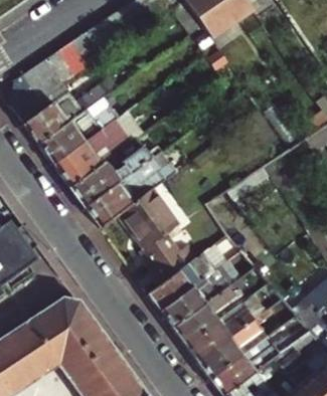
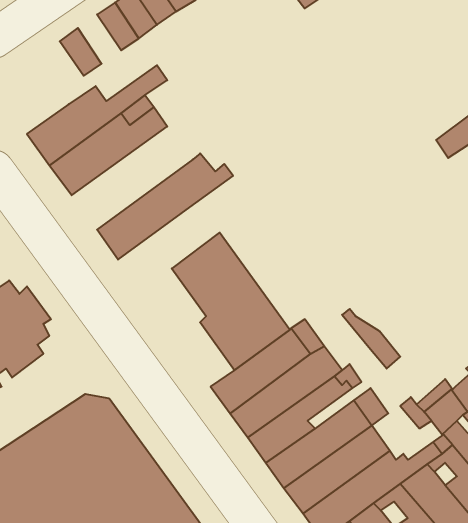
building: [10,70,50,123] -> none
building: [52,118,134,187] -> none
building: [84,162,176,228] -> none

